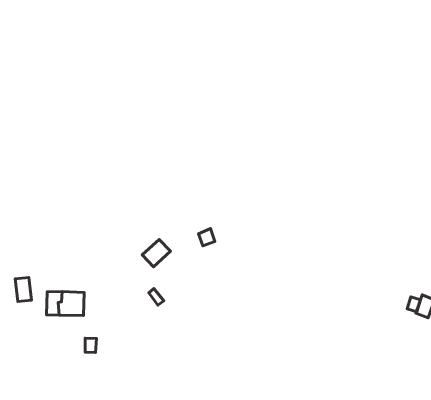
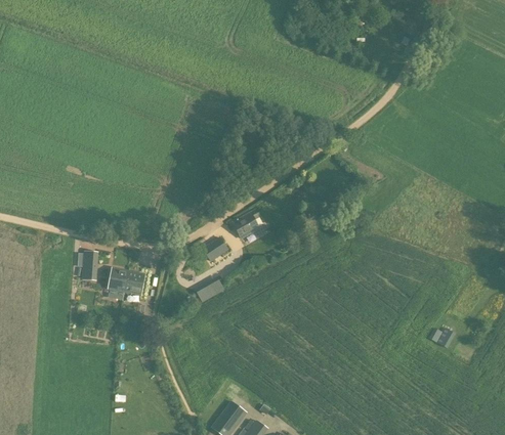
building: none -> [230,209,258,238]

